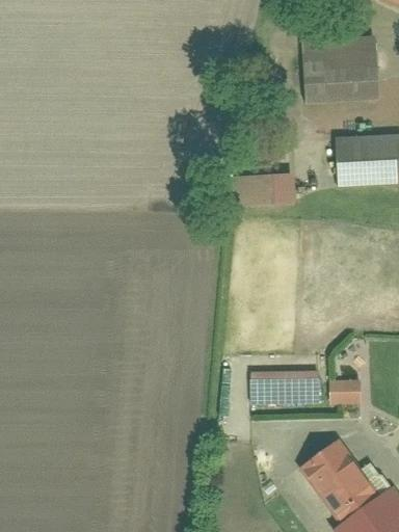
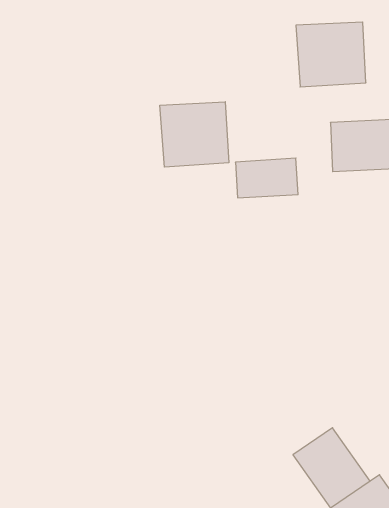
building: none -> [160,102,229,167]
building: [259,372,327,406] -> none
building: [336,381,366,404] -> none

